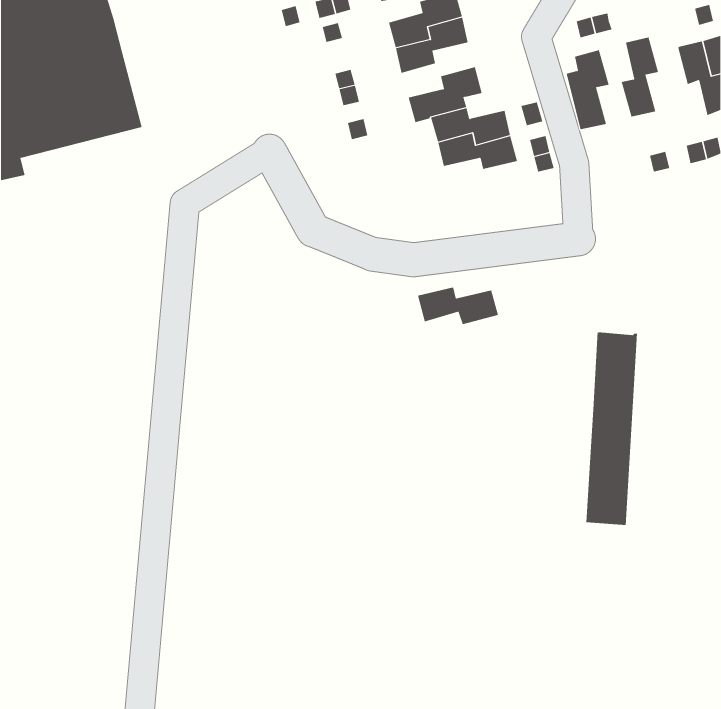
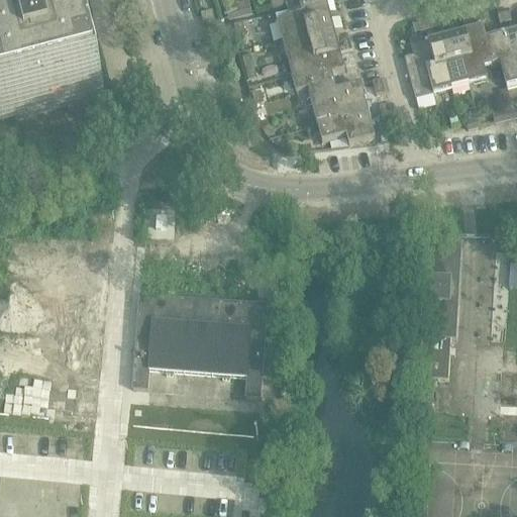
building: none -> [462,21,492,80]
building: none -> [287,30,340,70]
building: none -> [427,30,453,89]
building: [417,287,499,325] -> [317,113,376,140]
building: none -> [132,290,268,394]

